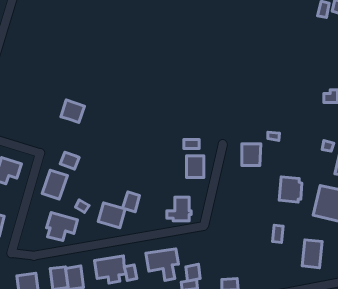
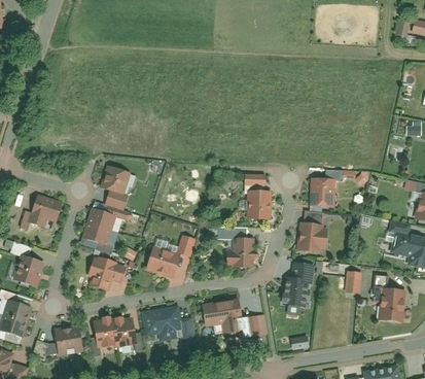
building: [61,100,84,122] -> [102,167,129,193]
building: [279,177,302,202] -> [300,221,326,250]
building: none -> [285,264,312,306]

